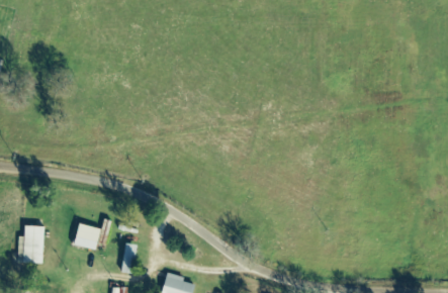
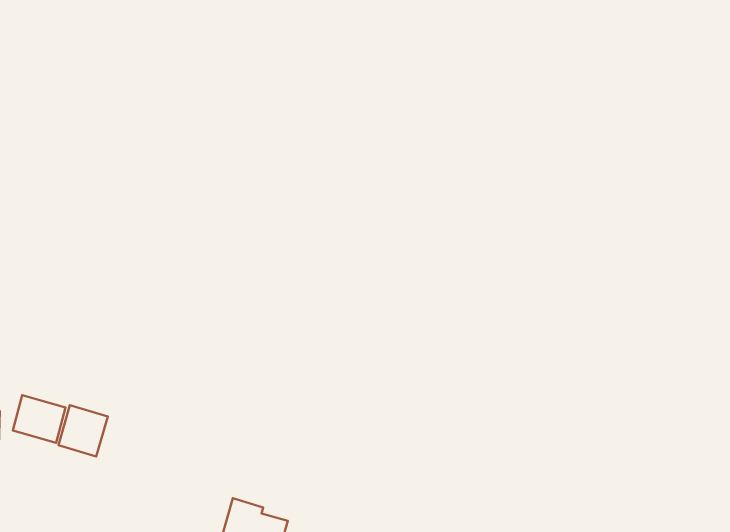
building: none -> [13,395,65,443]

